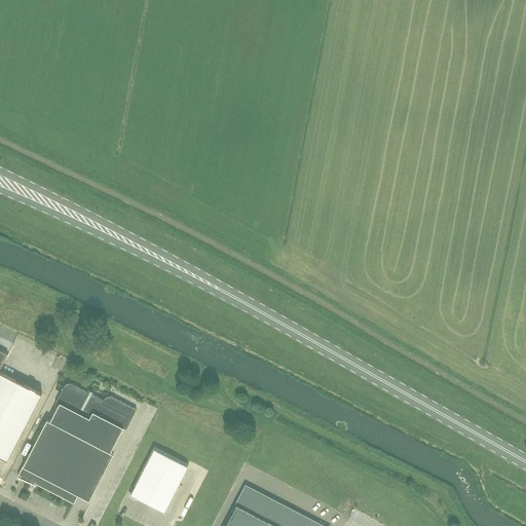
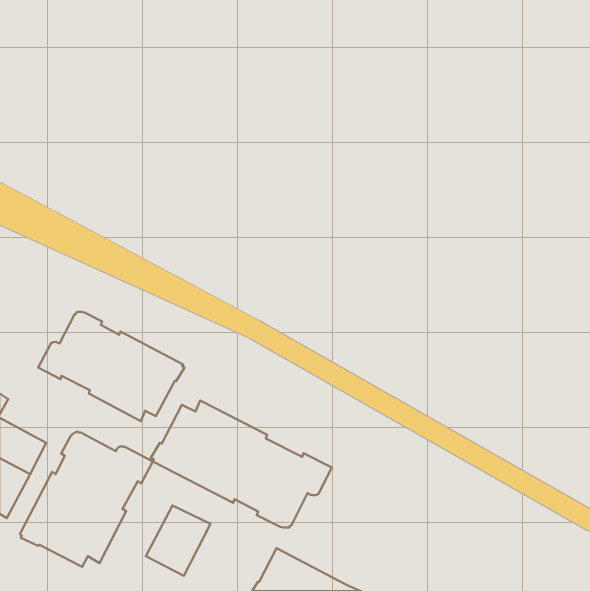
building: none -> [38,312,184,421]
building: none -> [151,400,332,528]

